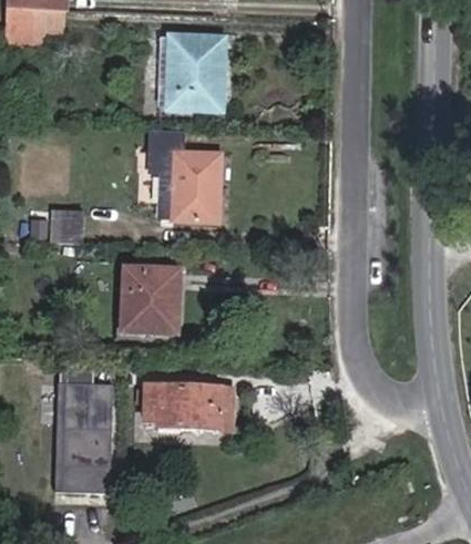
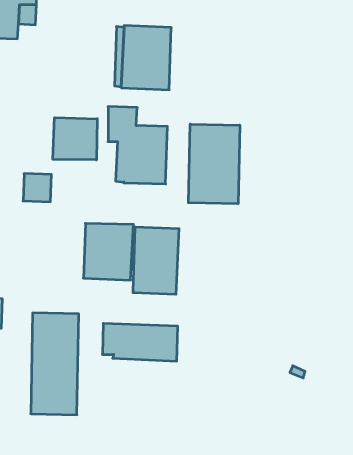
building: none -> [53,118,97,160]
building: none -> [188,124,240,204]
building: none -> [133,227,179,294]

